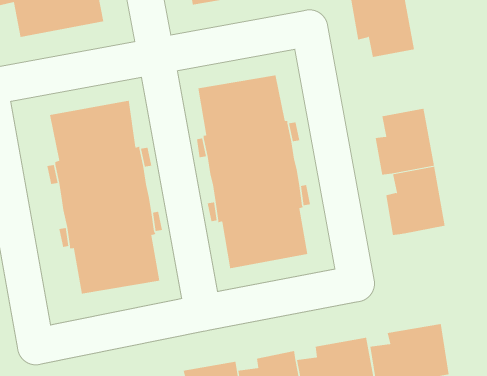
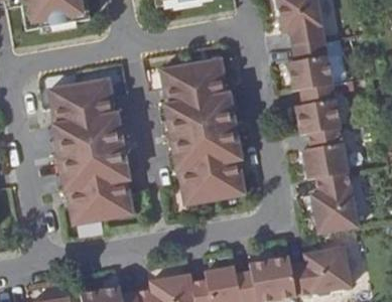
building: none -> [286,39,332,91]
building: none -> [310,172,357,234]

